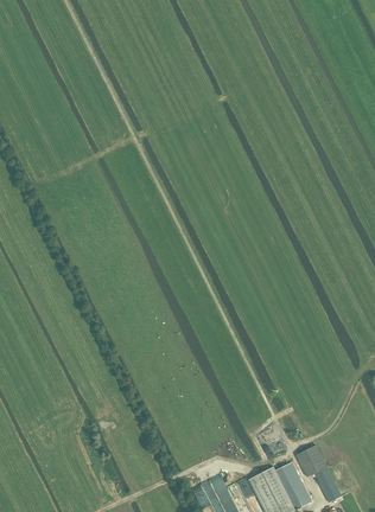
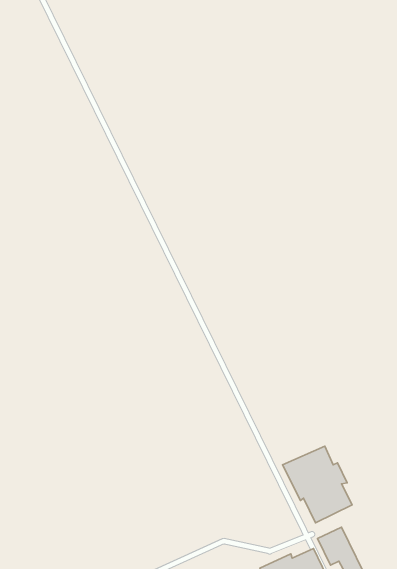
building: none -> [282,446,352,523]

